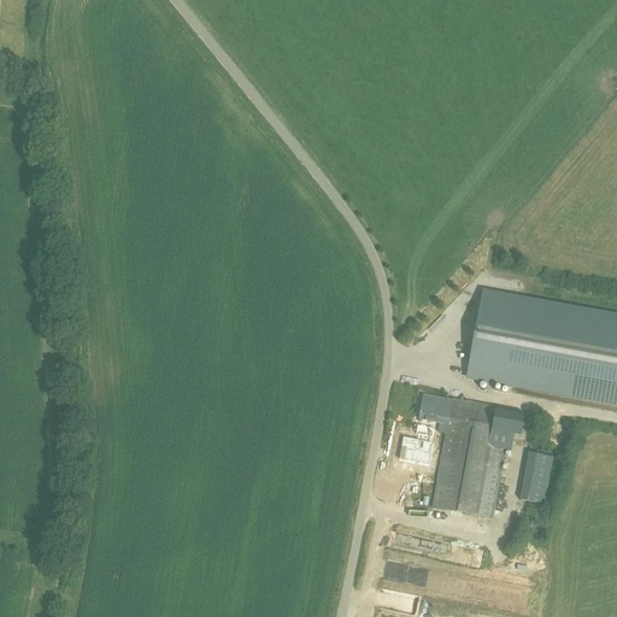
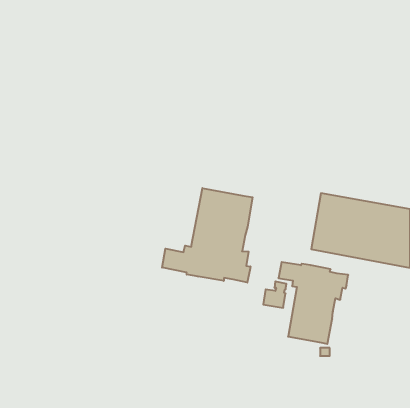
building: none -> [162,188,253,283]
building: [521,452,552,503] -> none

